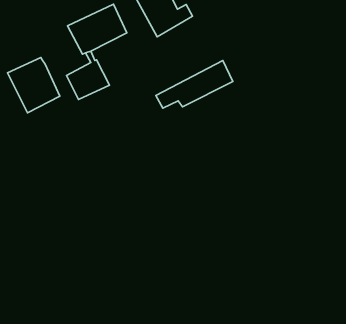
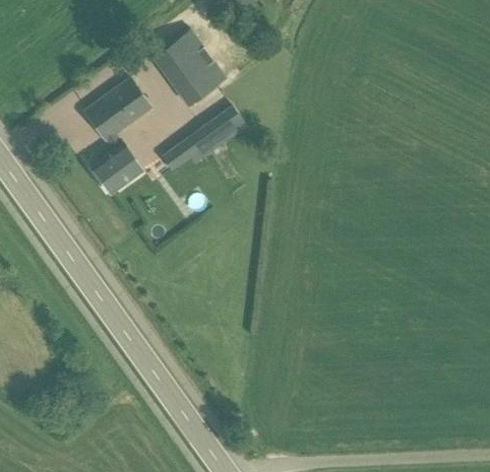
building: [7,58,60,113] -> none
building: [156,60,233,108] -> [162,104,247,170]

